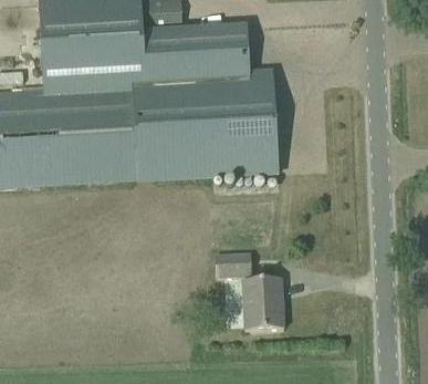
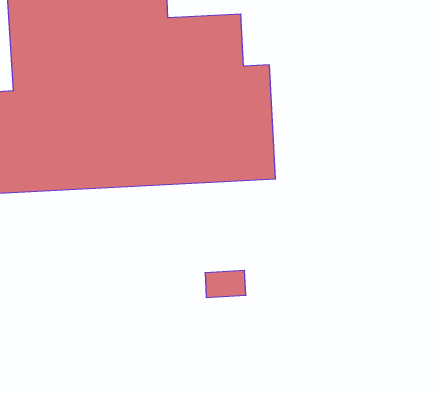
building: [242,277,283,329] -> none

